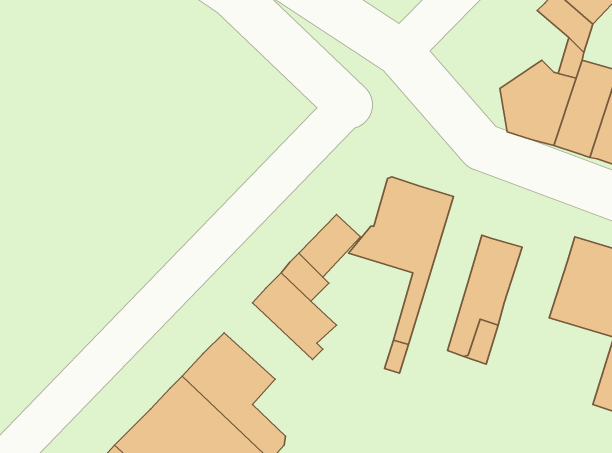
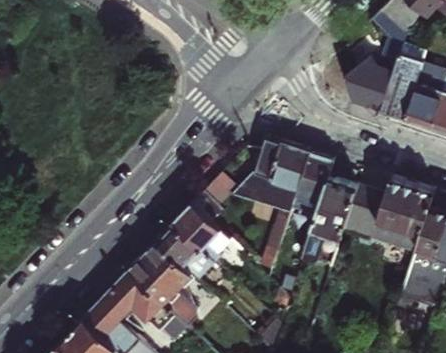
building: none -> [294,150,335,210]
building: none -> [344,184,386,231]
building: none -> [157,221,216,279]

